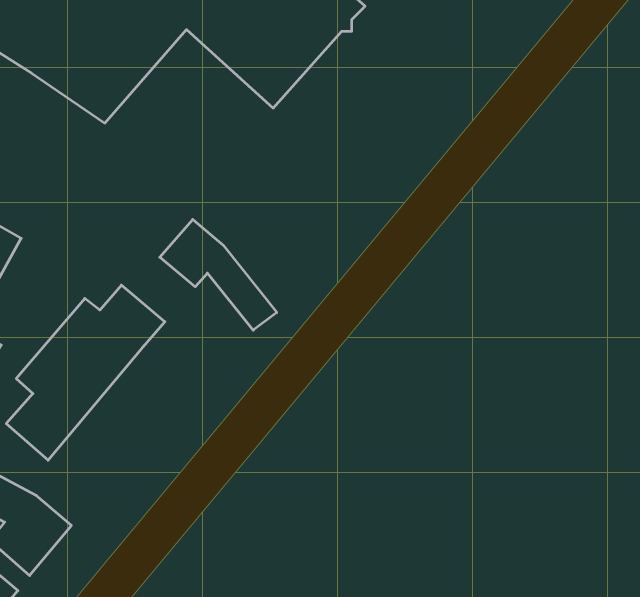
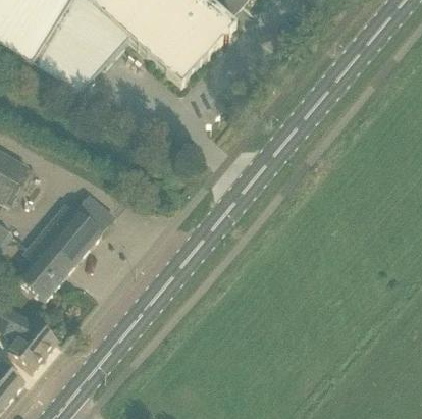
building: [160,219,277,330] -> none

